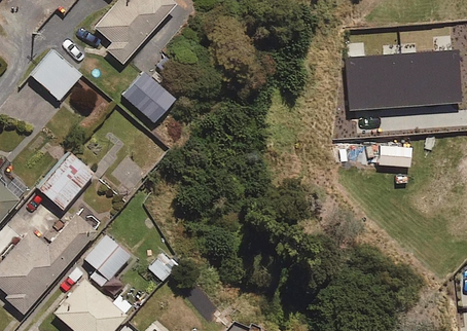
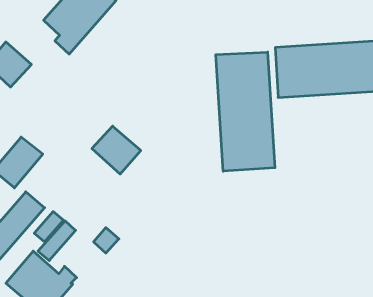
building: none -> [216,52,275,171]
building: [121,72,175,124] -> [92,126,141,174]

